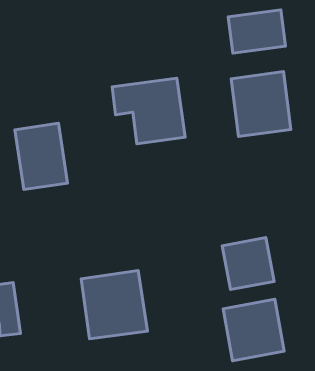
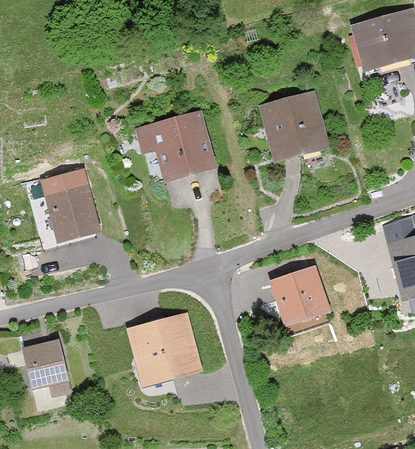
building: [228,10,286,53] -> none
building: [223,299,284,361] -> none

